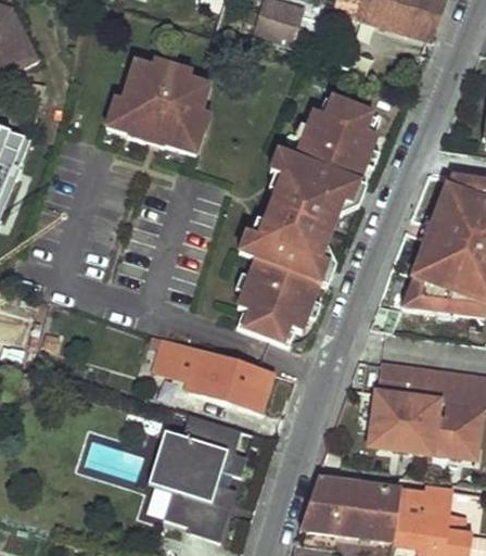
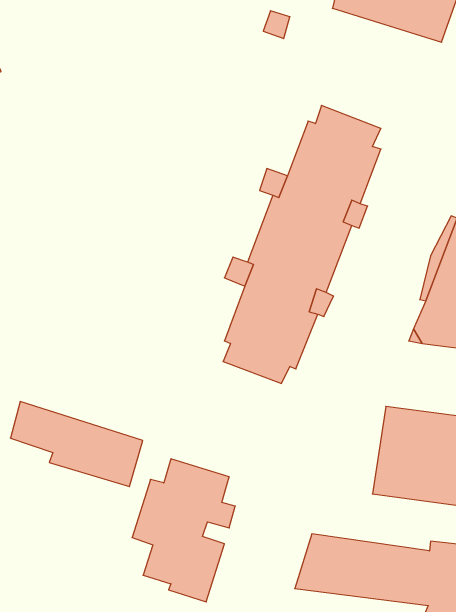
building: [107,59,210,154] -> none
building: [155,333,273,409] -> [10,402,143,487]

